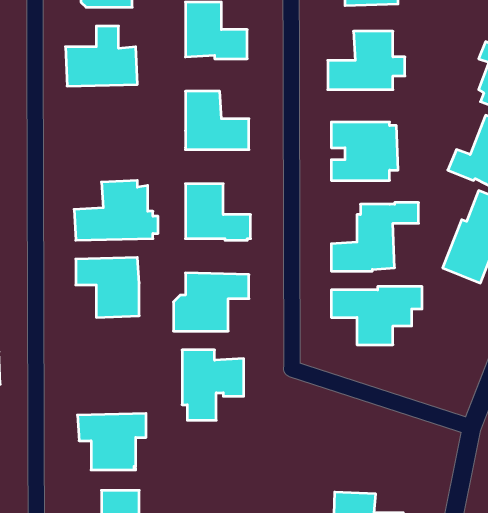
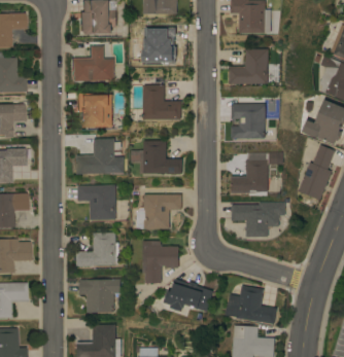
building: none -> [77,93,112,128]
building: none -> [76,231,118,265]
building: none -> [163,278,212,311]
building: none -> [223,285,277,324]

